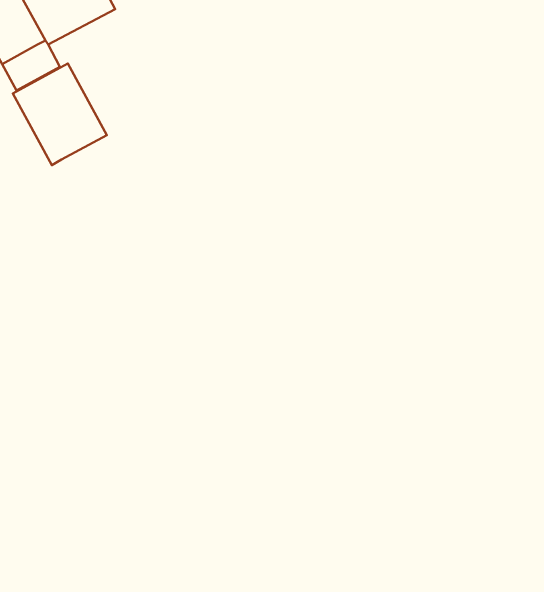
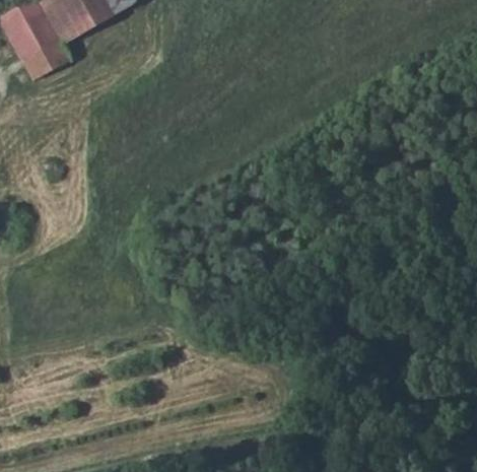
building: [13,63,107,165] -> none

